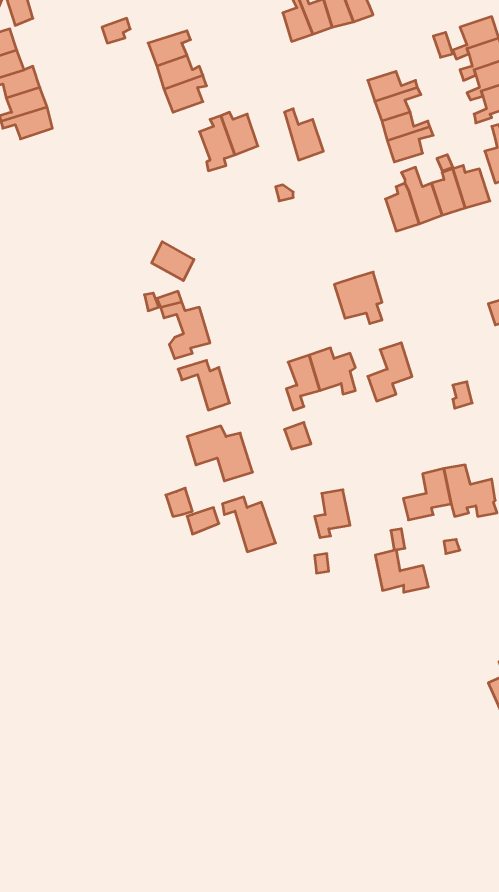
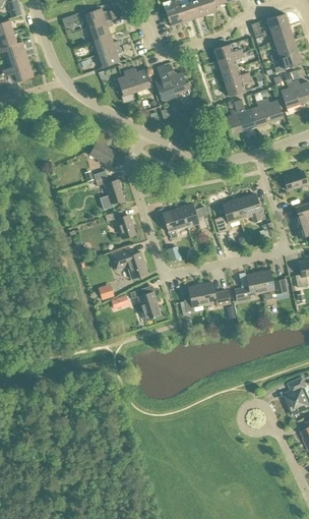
building: none -> [83,8,119,27]
building: none -> [155,64,176,103]
building: [334,272,382,324] -> [233,192,260,222]
building: [375,550,428,592] -> [199,281,230,305]

